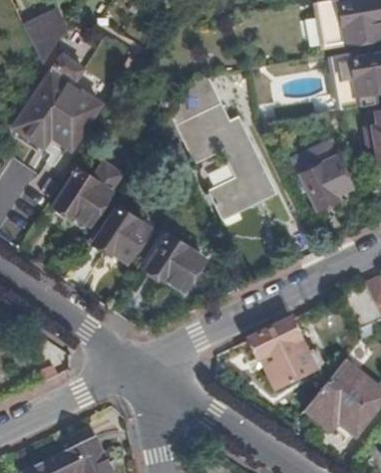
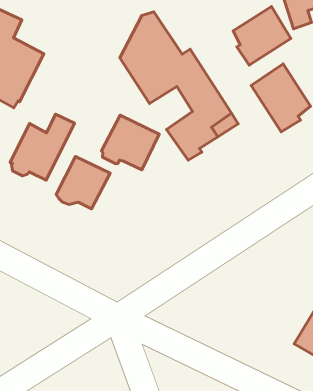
building: none -> [233,6,291,65]
building: [146,234,204,289] -> [102,115,159,170]
building: [249,320,322,389] -> none

